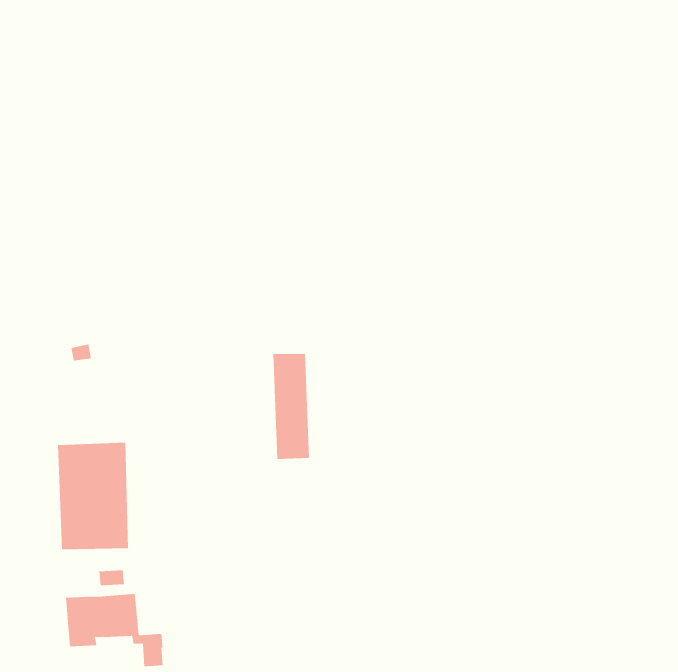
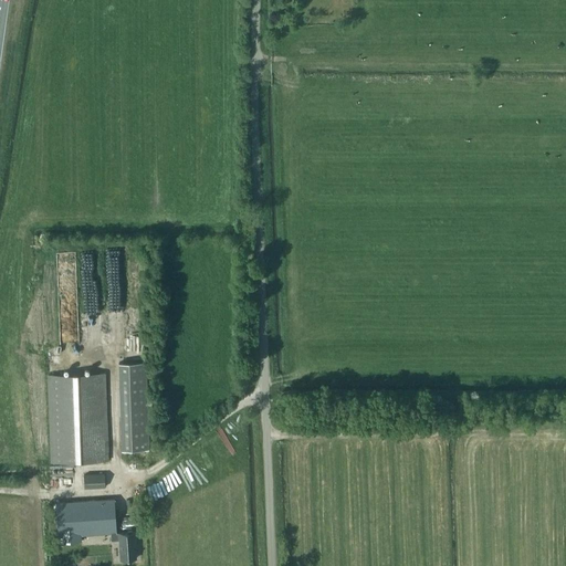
building: [272,353,310,460] -> [117,367,148,455]

